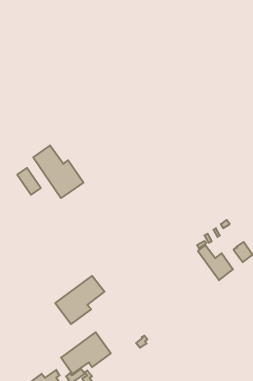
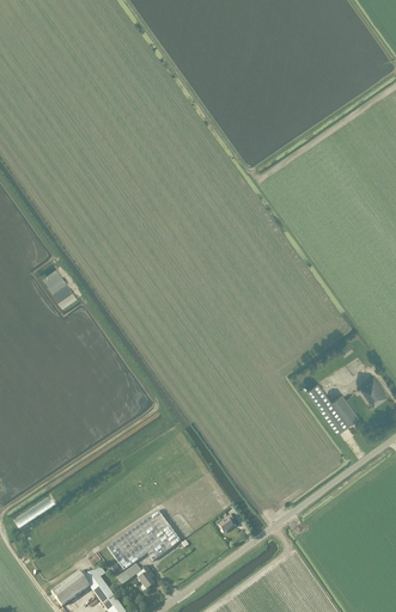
building: [33,145,83,198] -> none
building: [55,276,104,324] -> none

